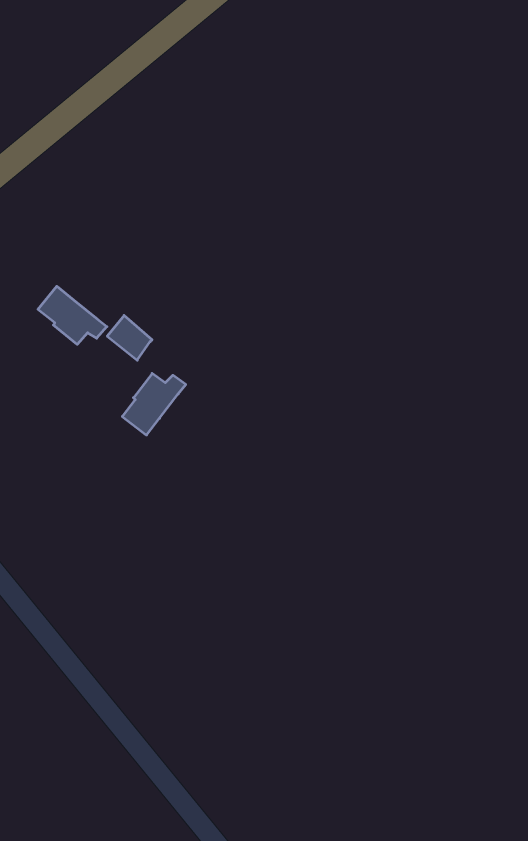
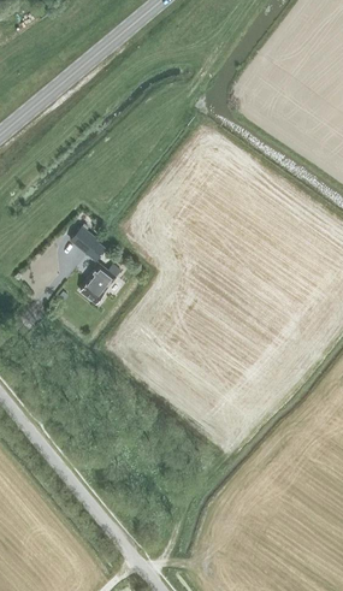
building: [38,286,107,344] -> none

